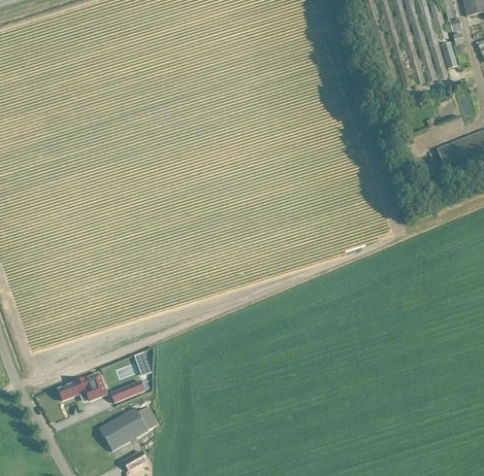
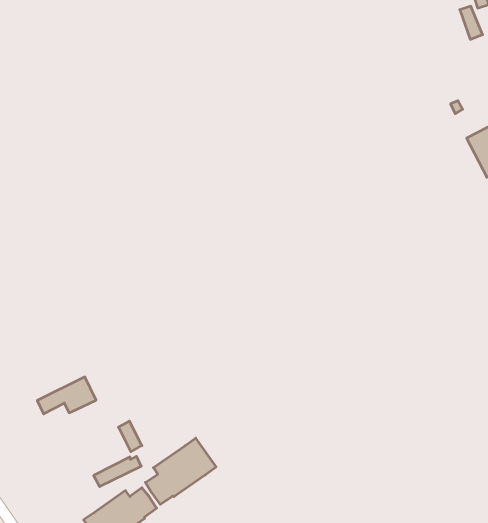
building: none -> [145,438,216,504]
building: [59,373,106,401] -> [37,377,96,414]

